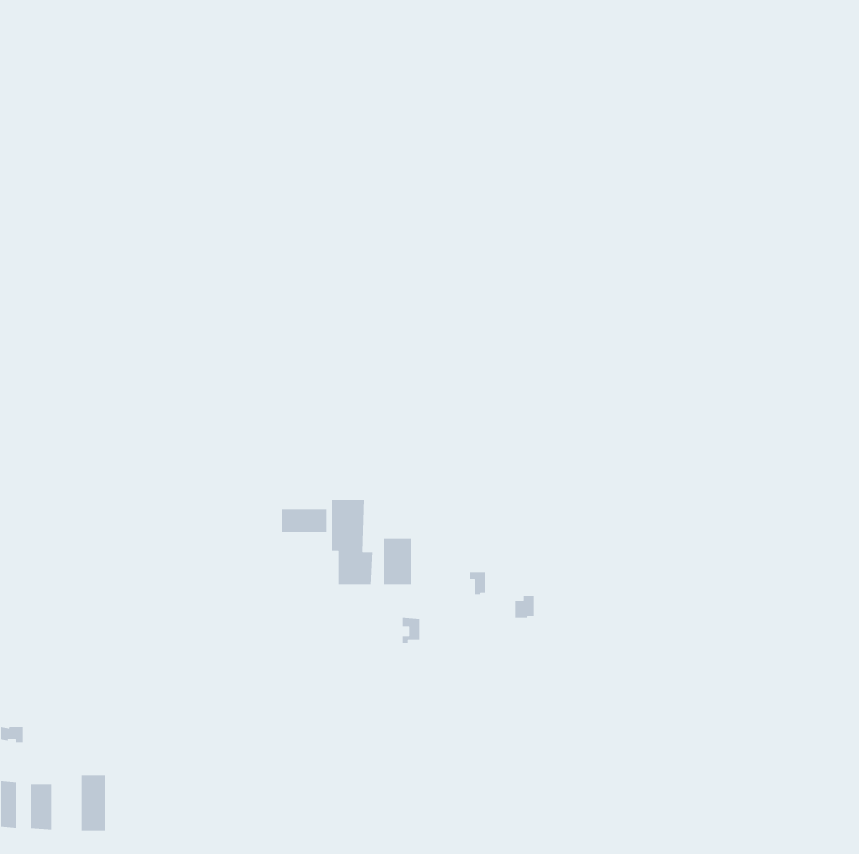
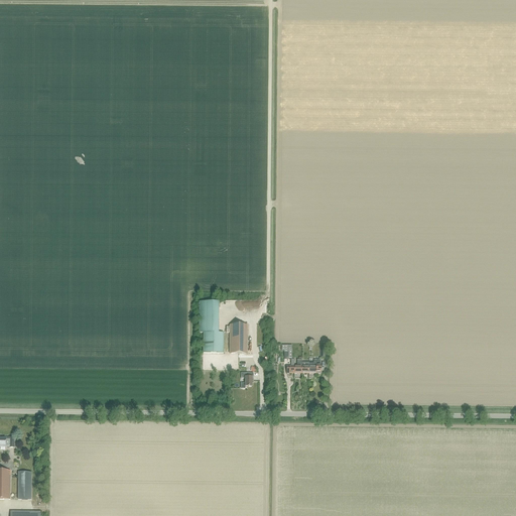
building: [281,508,327,533] -> none
building: [81,775,106,832] -> none

